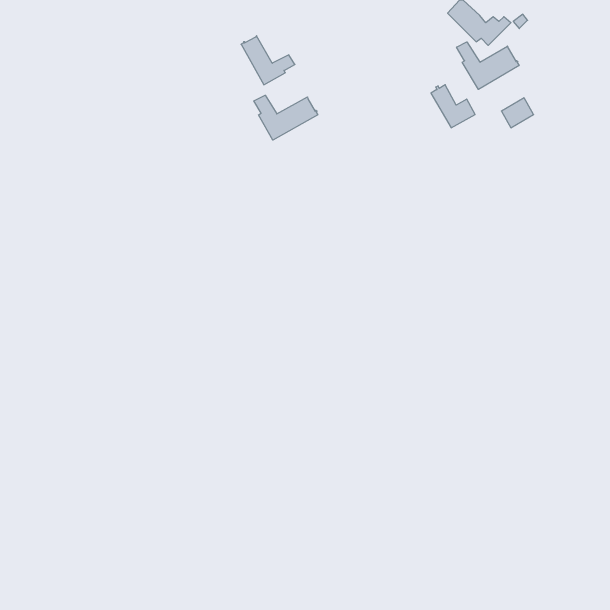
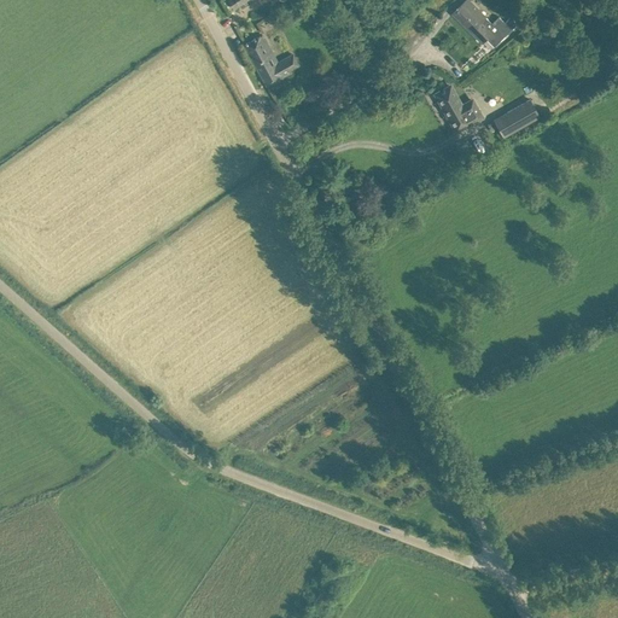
building: [457,42,519,89] -> none
building: [254,95,318,140] -> none

